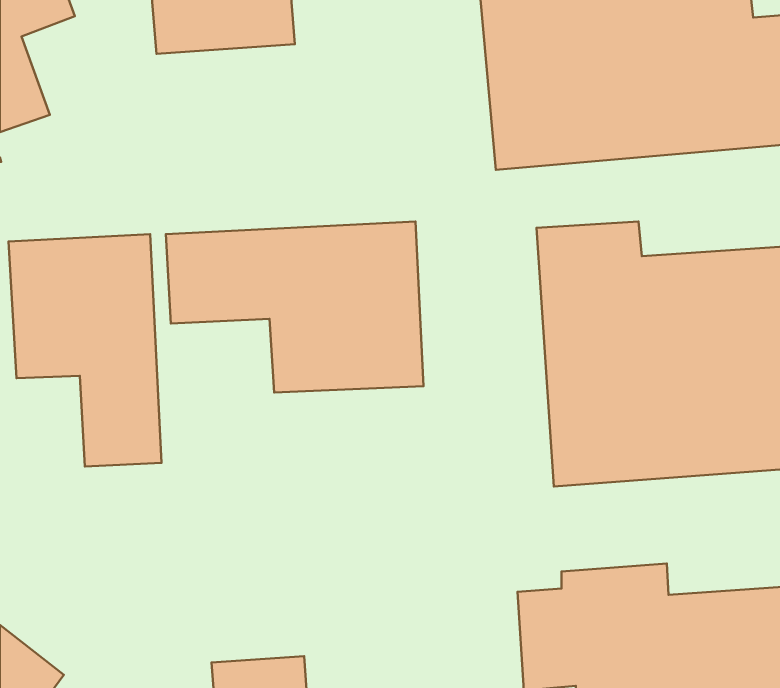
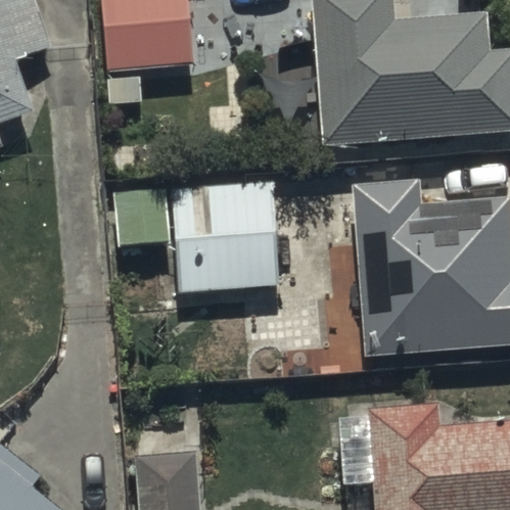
building: [9,234,162,467] -> none

